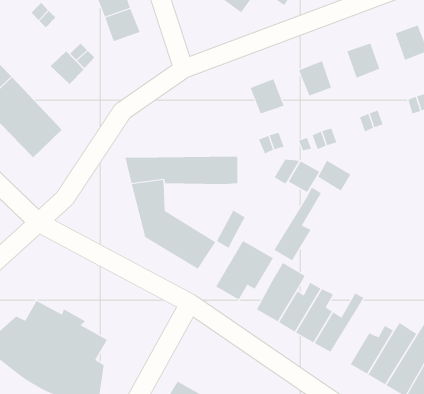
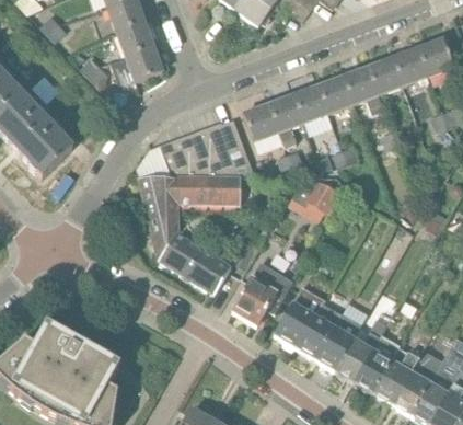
building: none -> [126,46,163,81]
building: none -> [394,47,429,84]
building: [50,50,84,85] -> none
building: none -> [344,66,379,104]
building: none -> [293,85,329,123]
building: none -> [243,104,279,141]
building: none -> [161,119,255,176]
building: [317,160,351,191] -> none
building: [274,187,322,261] -> [352,314,403,392]

